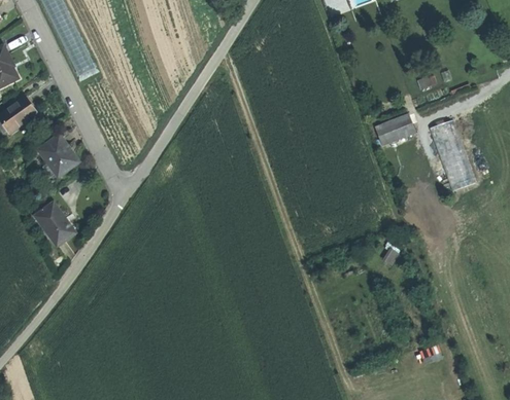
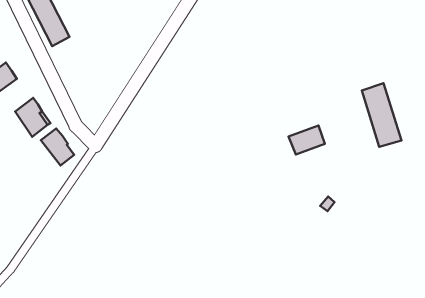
building: [376,111,417,144] -> [289,126,325,155]
building: [34,203,72,245] -> [41,128,74,166]

